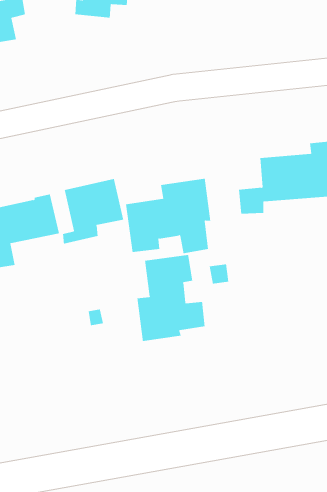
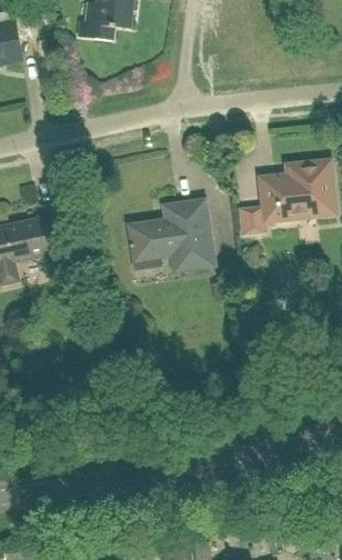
building: [62,178,124,244] -> none
building: [137,254,205,342] -> none

